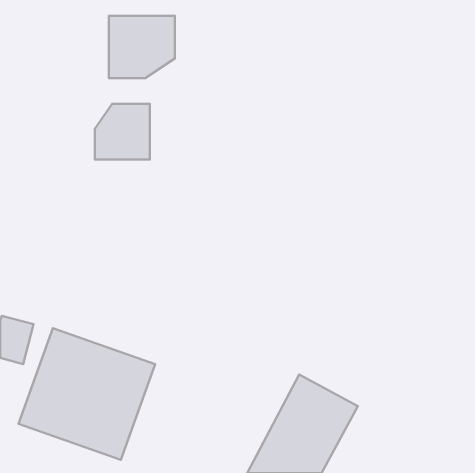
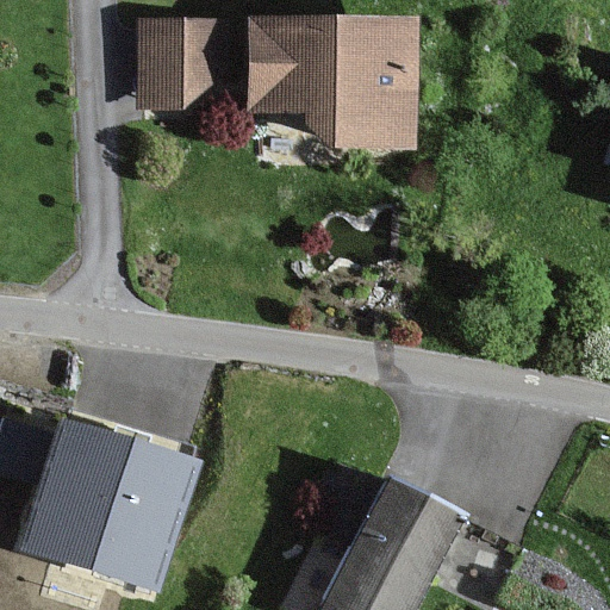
building: none -> [245,15,417,152]
building: [95,104,150,160] -> none

